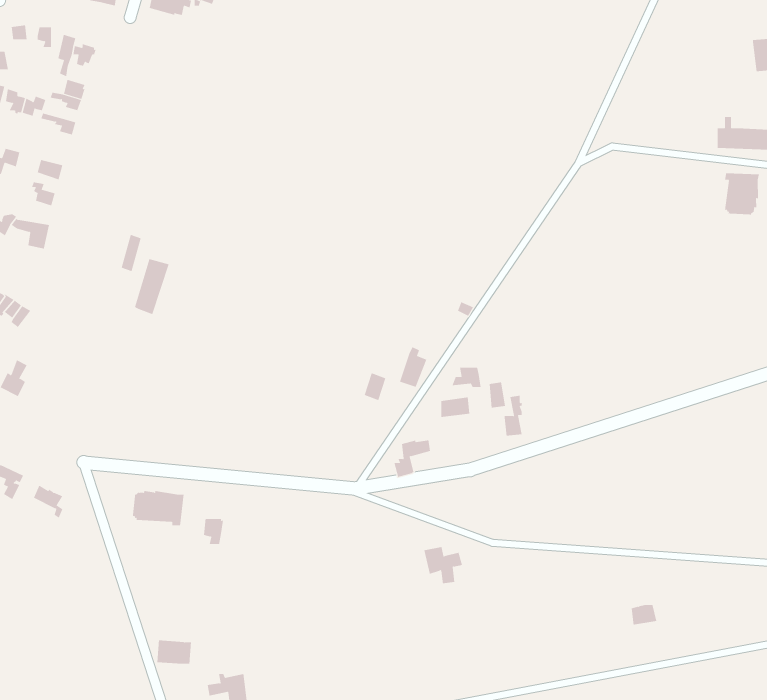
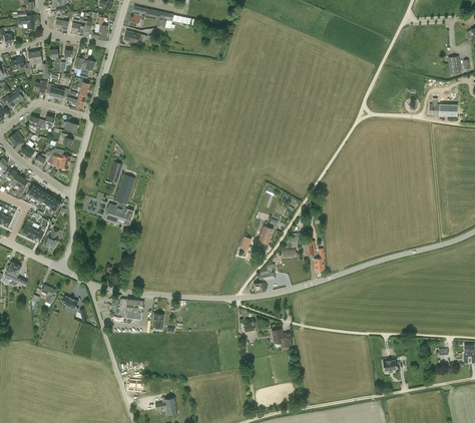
building: [724,172,759,215] -> none
building: none -> [102,201,133,226]

